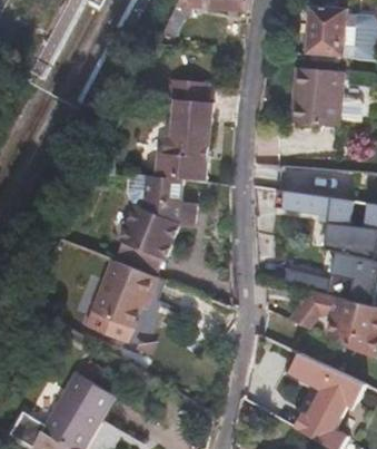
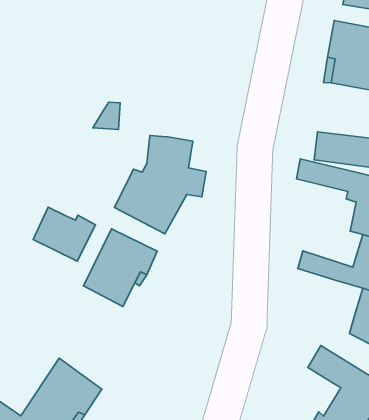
building: [153,77,211,182] -> none
building: none -> [33,207,95,261]
building: [290,292,337,330] -> none

